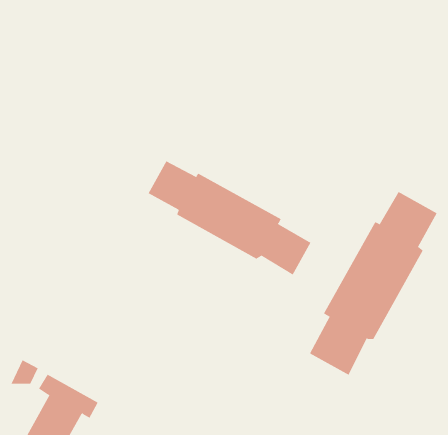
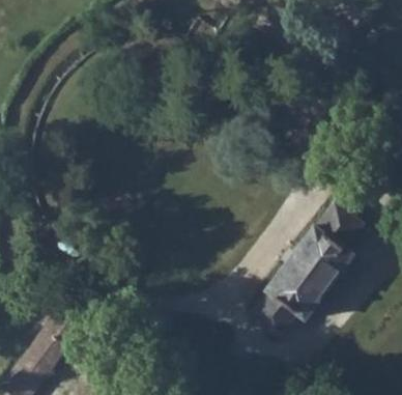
building: [148,160,311,275] -> none

